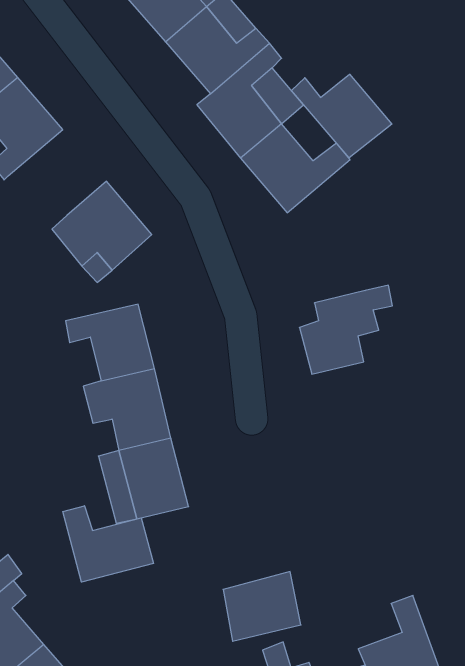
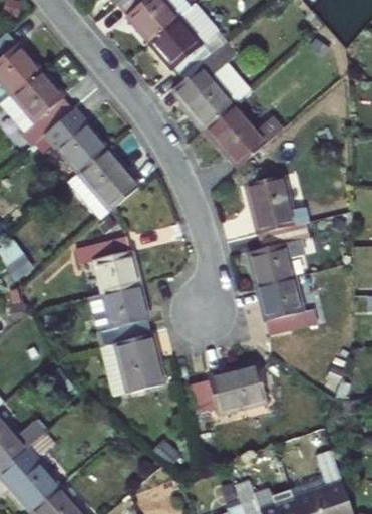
building: [291,74,392,158] -> none
building: none -> [33,107,105,171]
building: none -> [245,176,295,235]
building: none -> [256,278,317,336]
building: [63,506,153,582] -> none
building: [223,572,301,641] -> [209,363,266,415]

